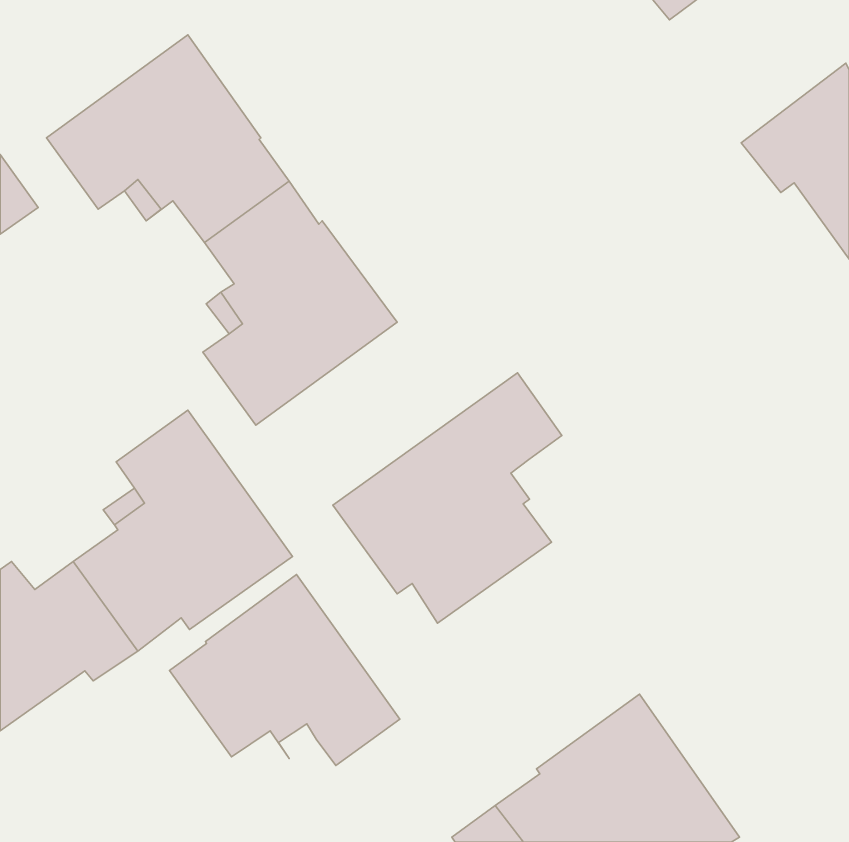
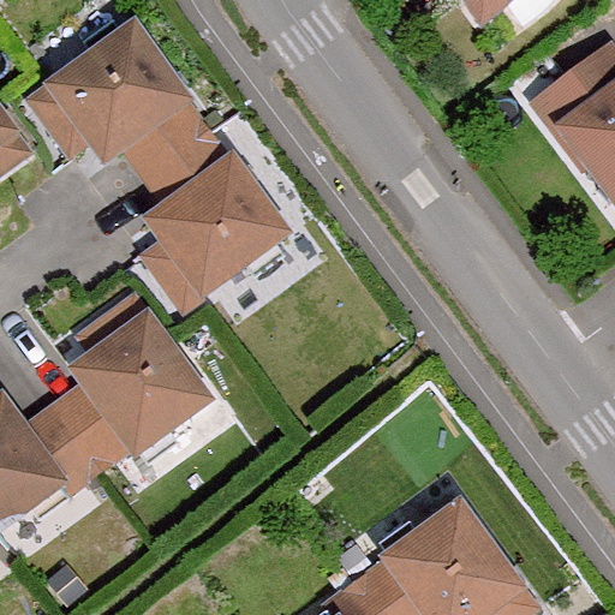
building: [333,373,562,623] -> none
building: [169,575,400,765] -> none

